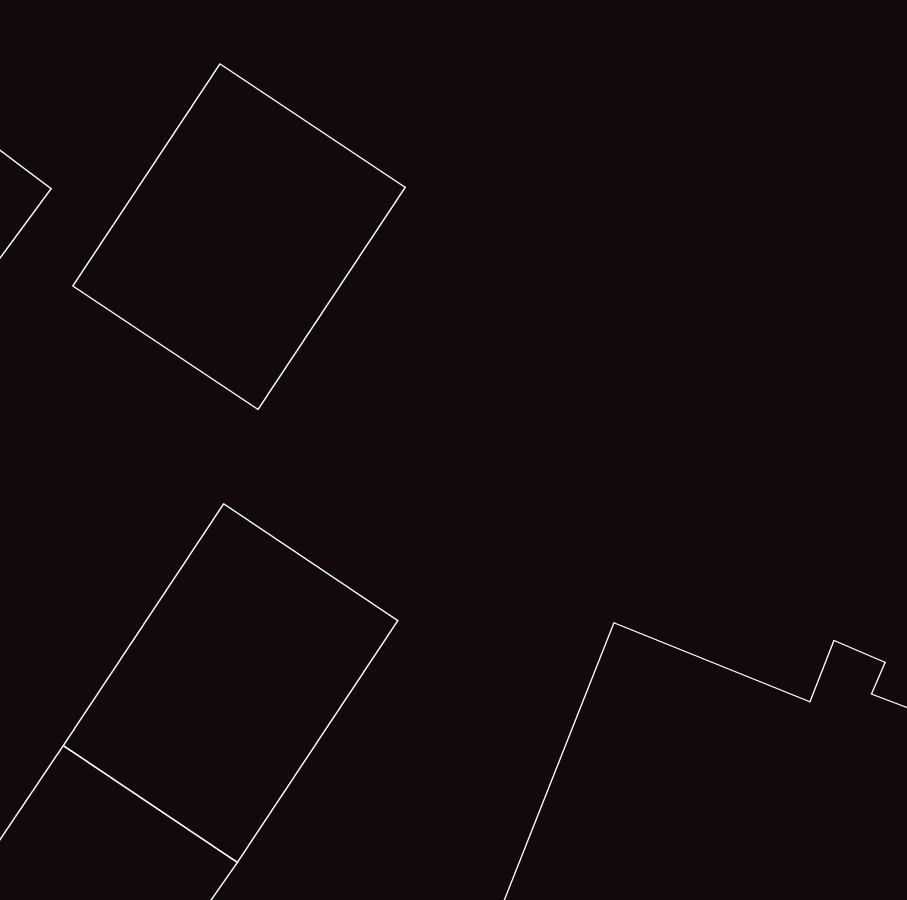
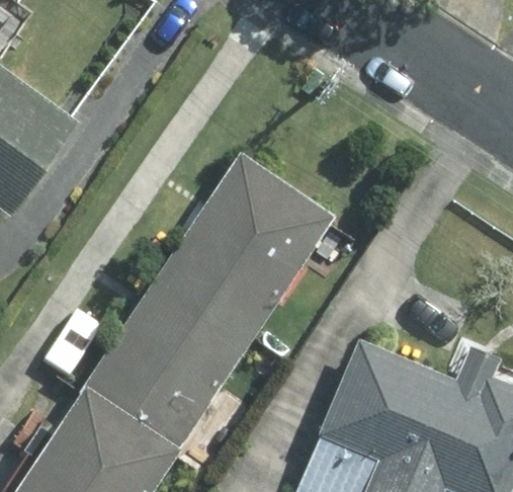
building: [73,64,405,409] -> none
building: none -> [159,155,331,338]

